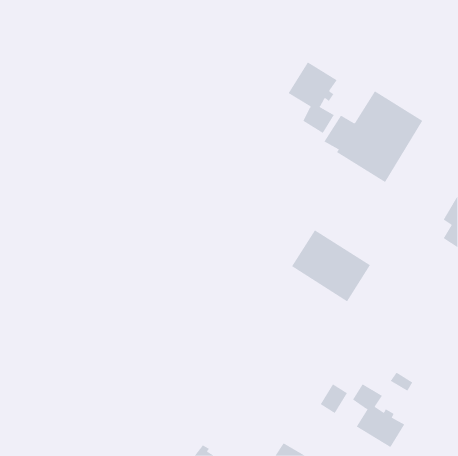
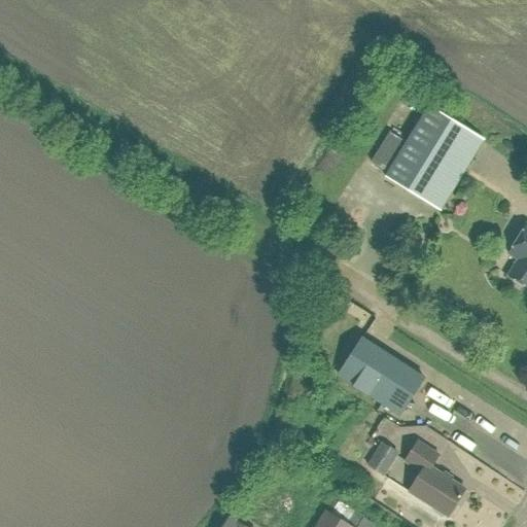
building: [288,61,337,134] -> none
building: [291,229,371,302] -> [335,336,426,419]

